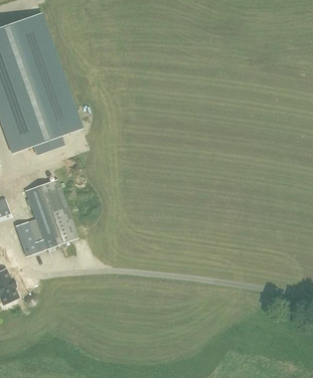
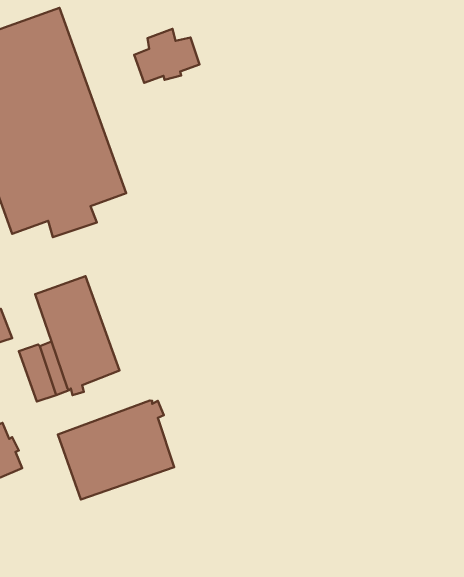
building: none -> [134,29,200,83]
building: none -> [58,400,174,499]

